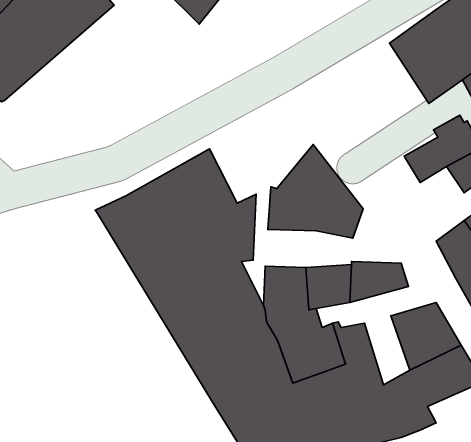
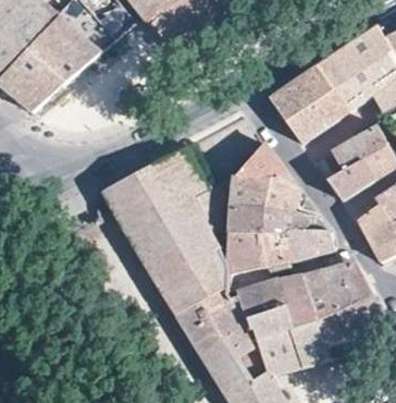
building: none -> [270,68,348,143]
building: none -> [313,157,374,200]
building: none -> [226,206,329,234]
building: none -> [300,270,334,321]

